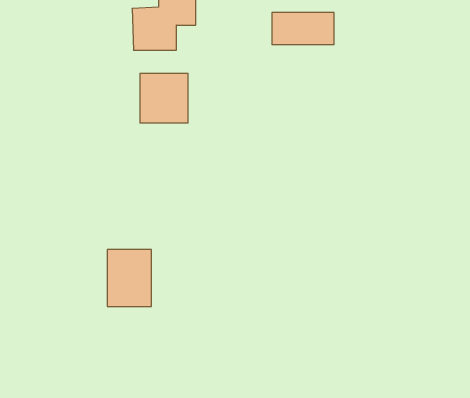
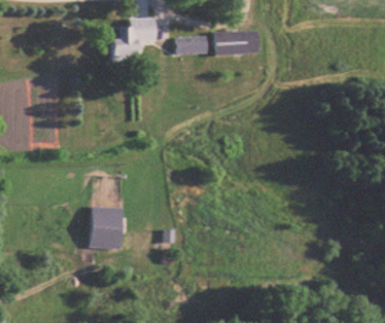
building: none -> [174,36,207,53]
building: [140,73,188,123] -> none

